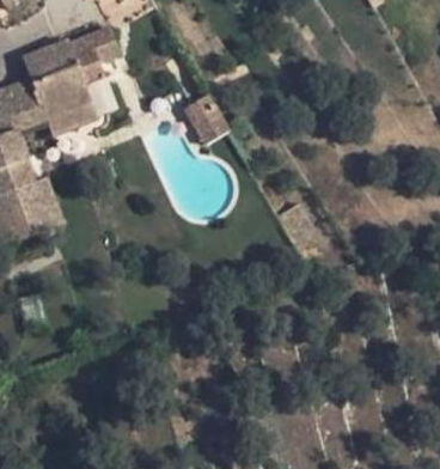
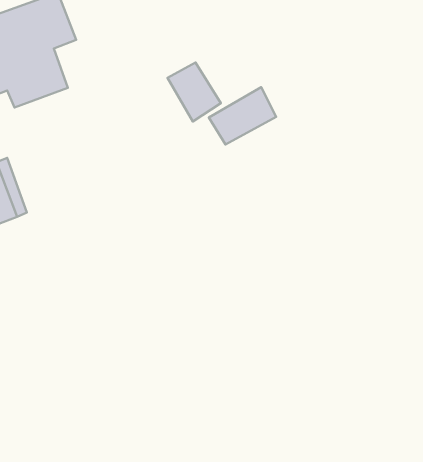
building: none -> [209,87,276,144]

